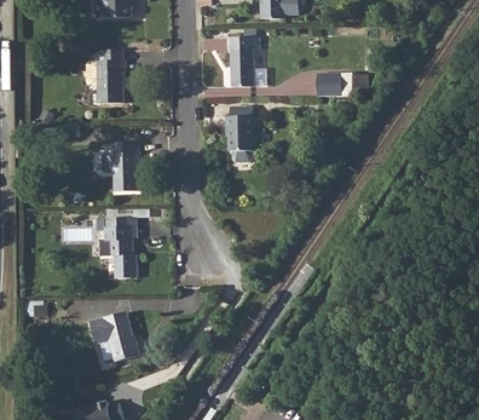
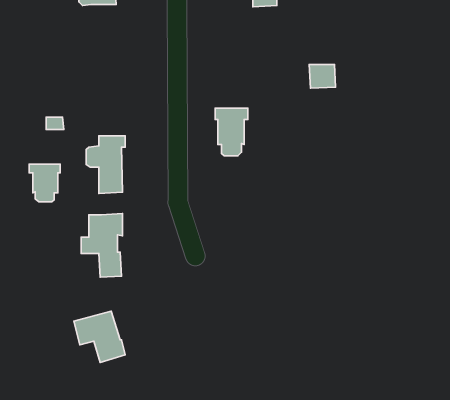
building: [226,36,258,85] -> none
building: [97,48,128,102] -> none
building: none -> [29,164,60,202]

